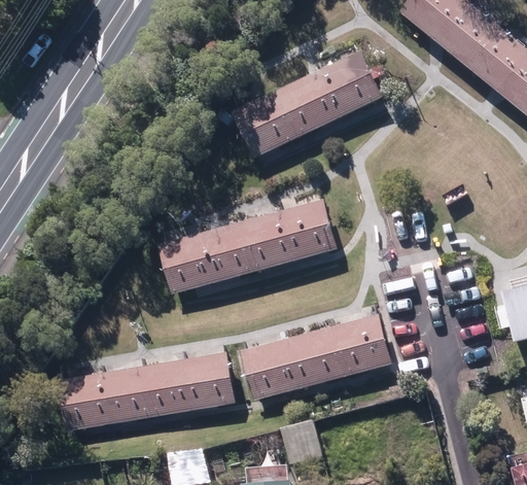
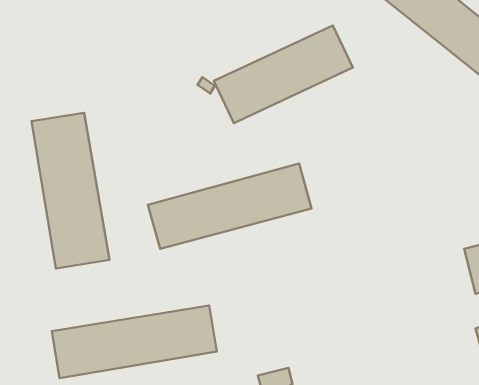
building: none -> [31,113,109,268]
building: [242,315,391,399] -> none

